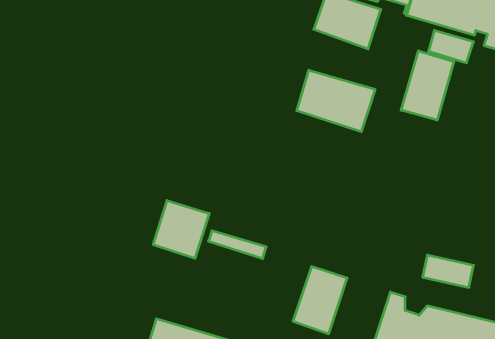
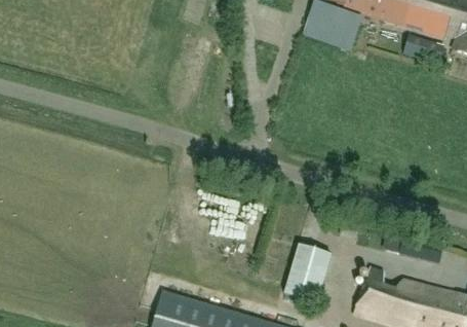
building: [401,51,454,120] -> none
building: [297,70,375,132] -> none
building: [153,200,209,258] -> none

